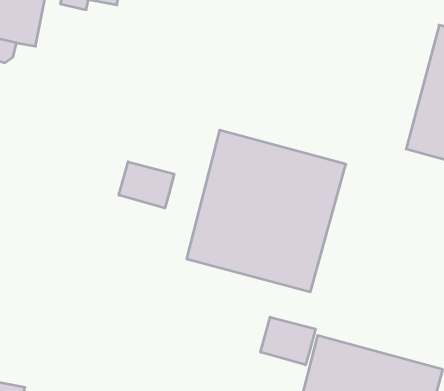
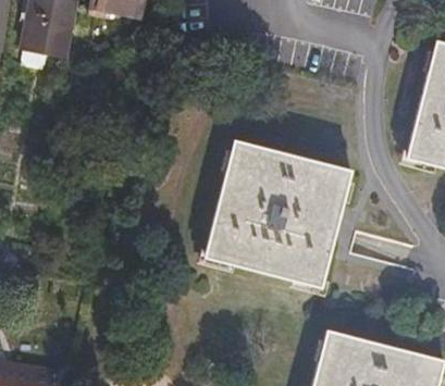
building: [119,162,174,208] -> none
building: [261,317,315,365] -> none

